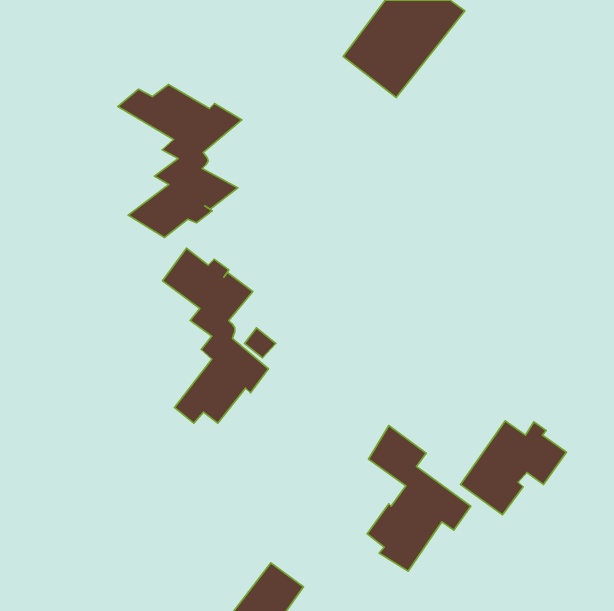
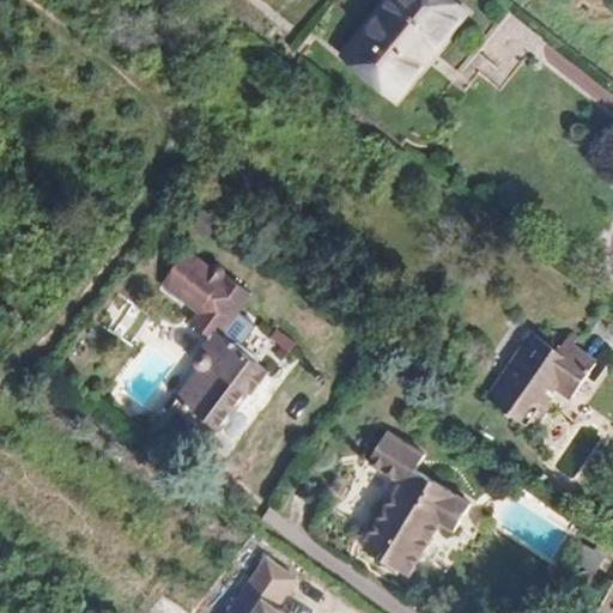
building: [118,85,242,238] -> none
building: [461,421,566,515] -> [479,332,584,425]

